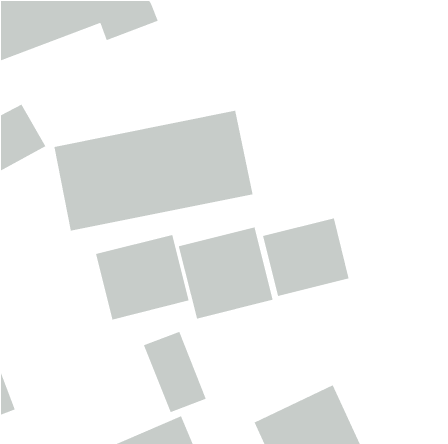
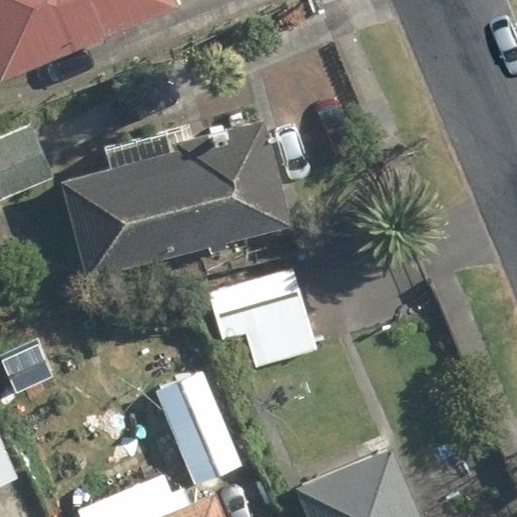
building: [262,218,350,297] -> none
building: [95,234,190,320] -> none

